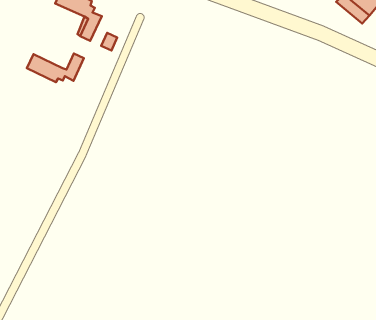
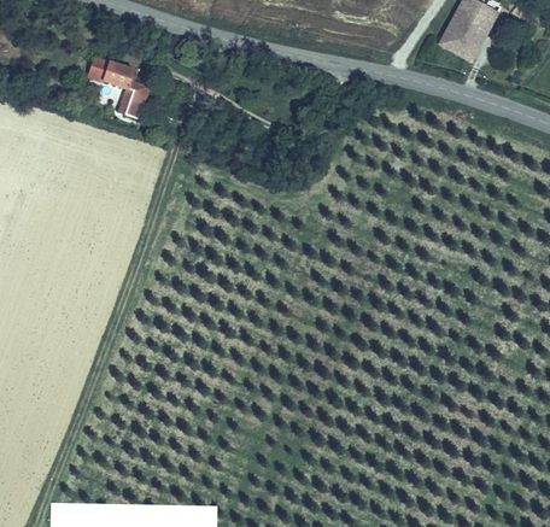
building: [27,54,84,82] -> none

